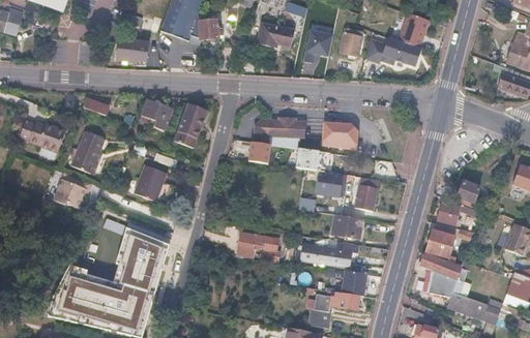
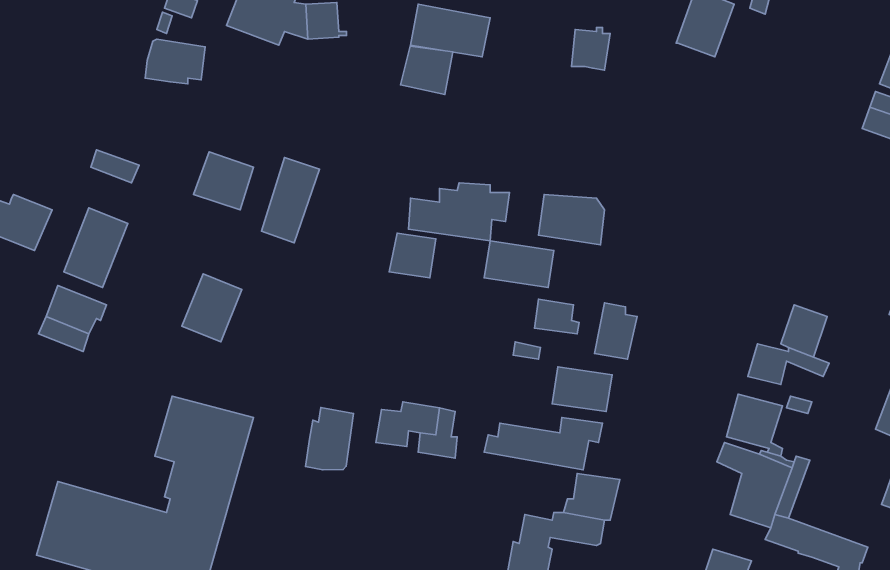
building: [305,31,333,57] -> [400,46,453,95]
building: [366,37,418,66] -> none
building: none -> [306,407,353,470]

